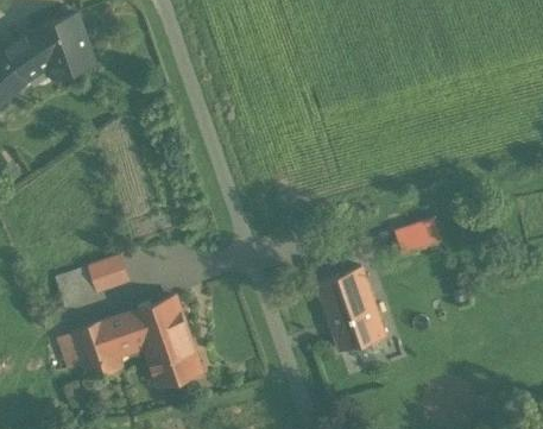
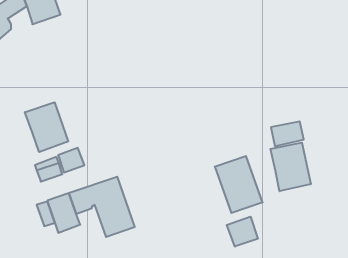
building: none -> [25,102,68,152]
building: none -> [270,143,311,191]
building: none -> [227,217,258,247]

